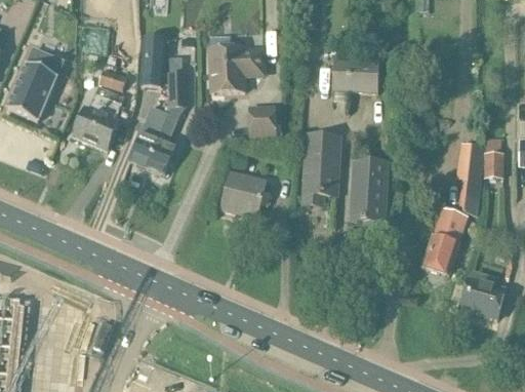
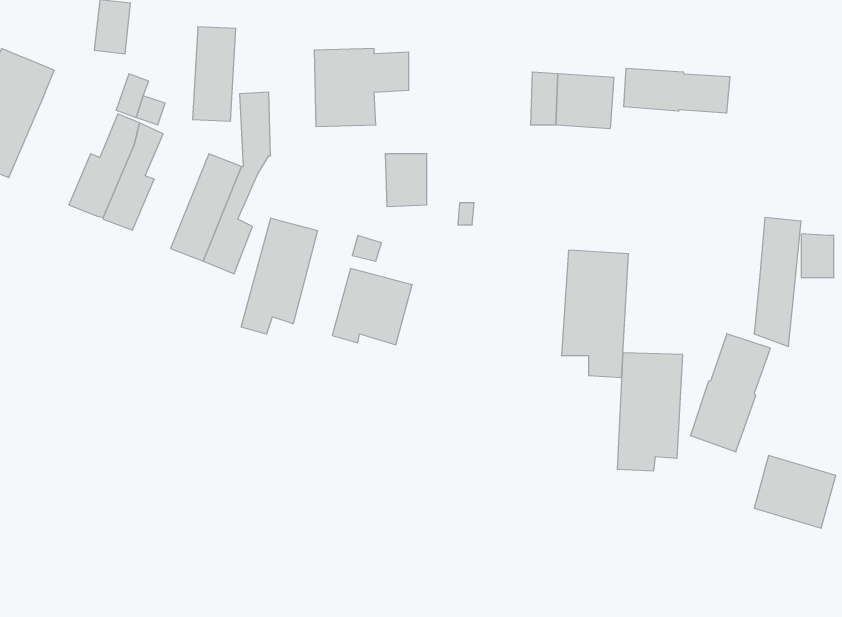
building: none -> [624,68,730,113]
building: [302,135,339,202] -> [617,353,683,471]
building: none -> [241,218,317,334]

